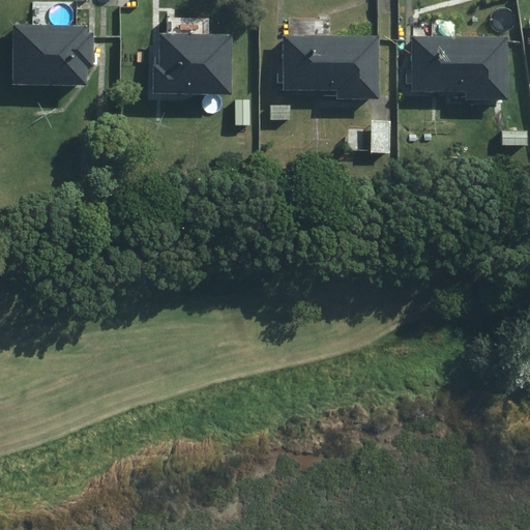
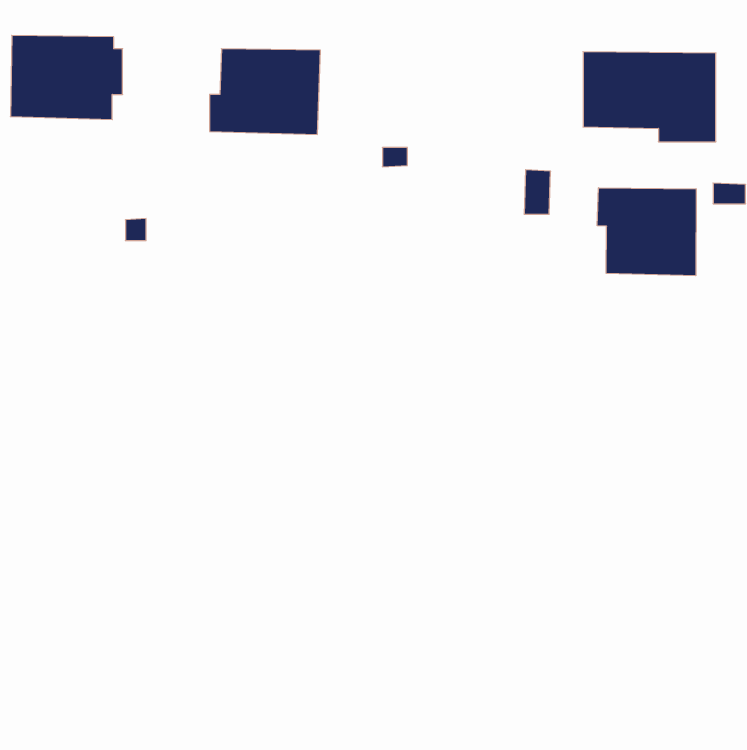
building: [285,36,378,97] -> none
building: none -> [597,188,696,276]

